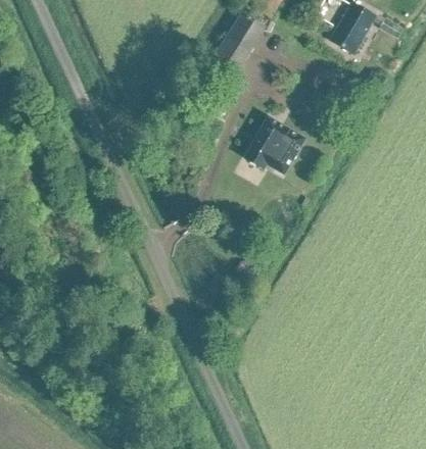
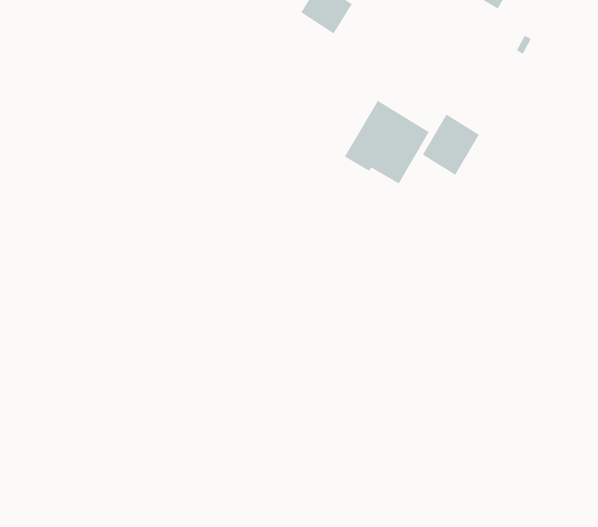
building: none -> [422,114,480,176]

